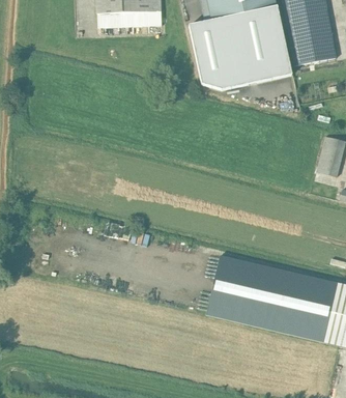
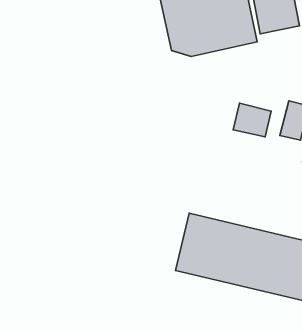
building: none -> [233,103,271,137]

